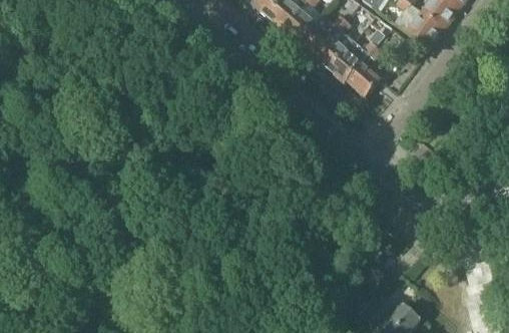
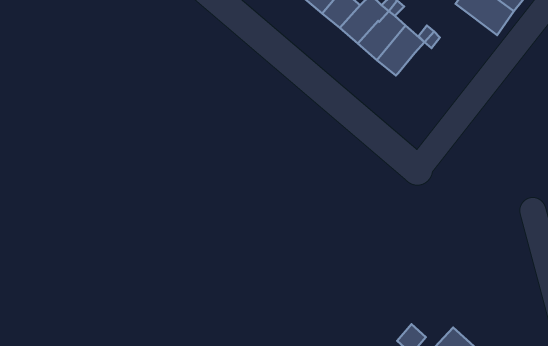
building: [347,63,380,96] -> none

